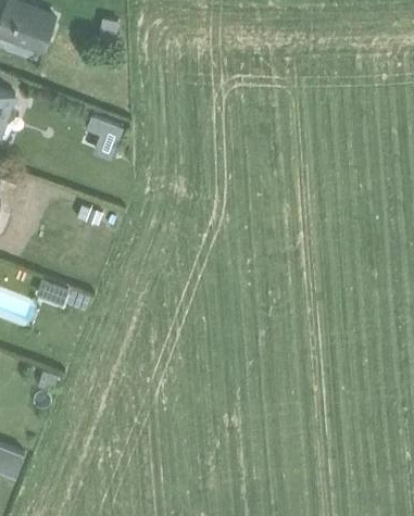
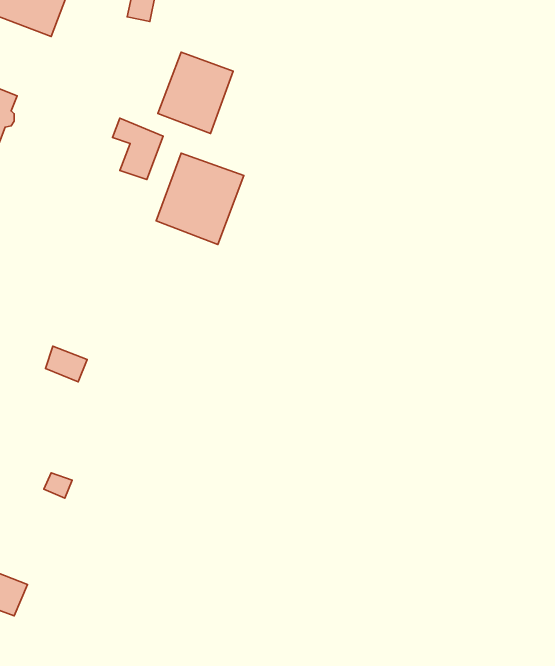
building: none -> [158,52,233,133]
building: none -> [156,153,244,244]

